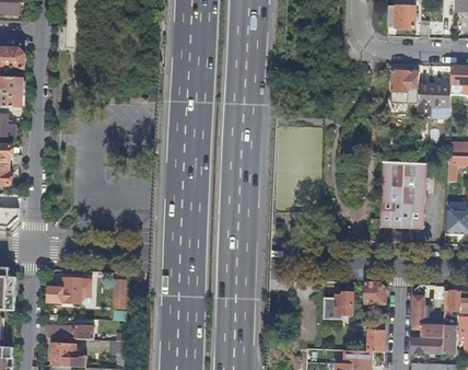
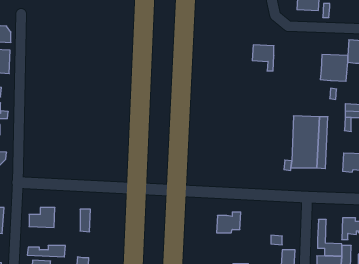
building: [391,70,419,103] -> [252,45,274,71]
building: [365,281,387,303] -> none
building: [323,292,353,319] -> [217,212,241,233]

